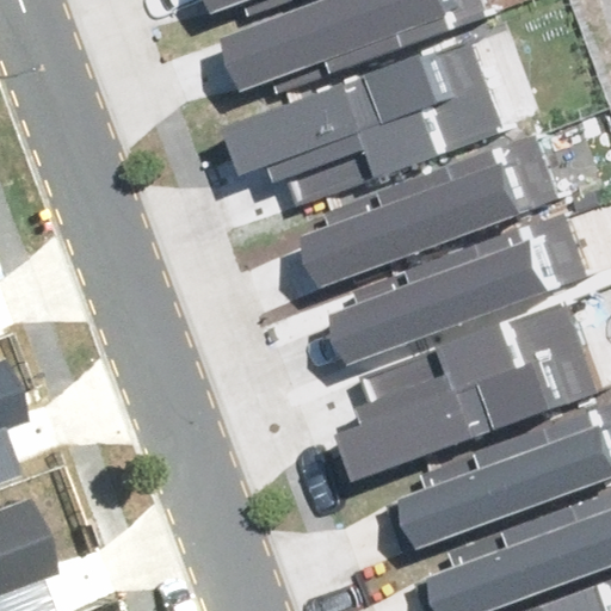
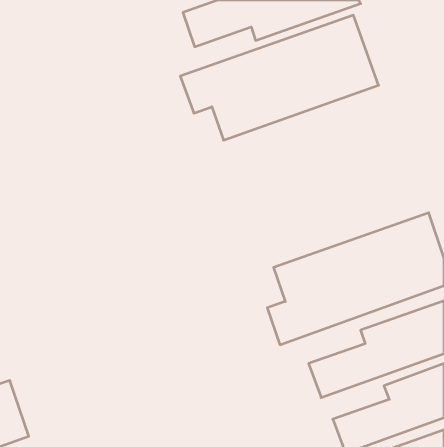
building: [322,141,553,279] -> none
building: [340,224,570,363] -> none

